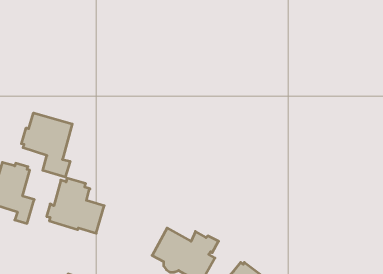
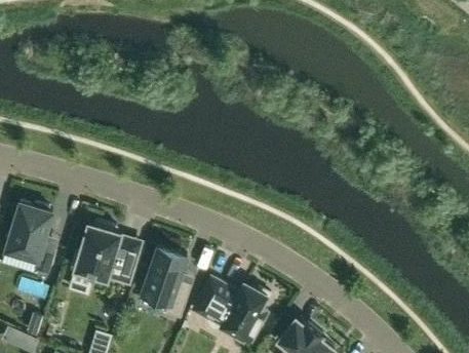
building: [21,113,72,177] -> none
building: none -> [142,246,192,319]

